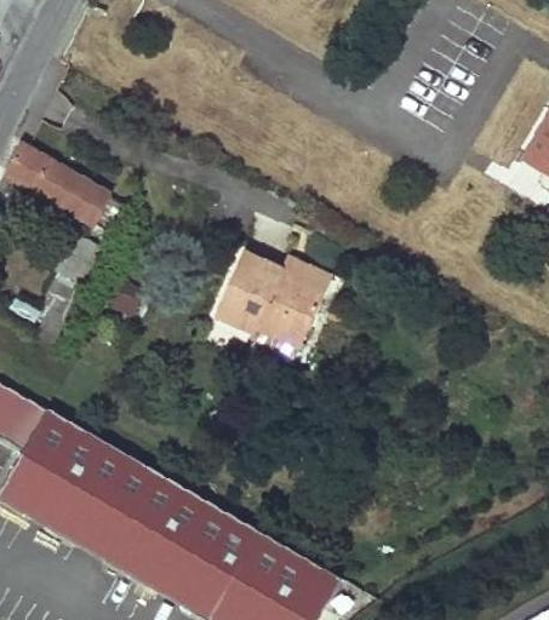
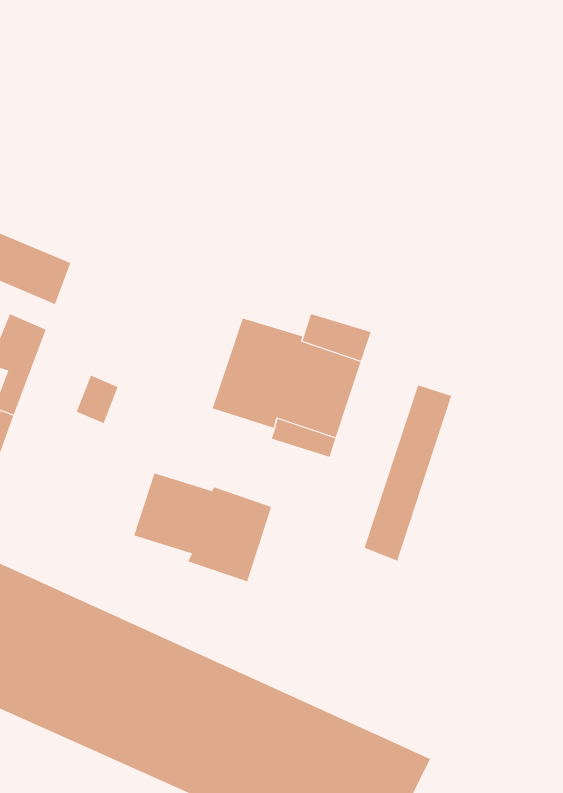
building: none -> [364,385,452,562]
building: none -> [133,472,272,582]

